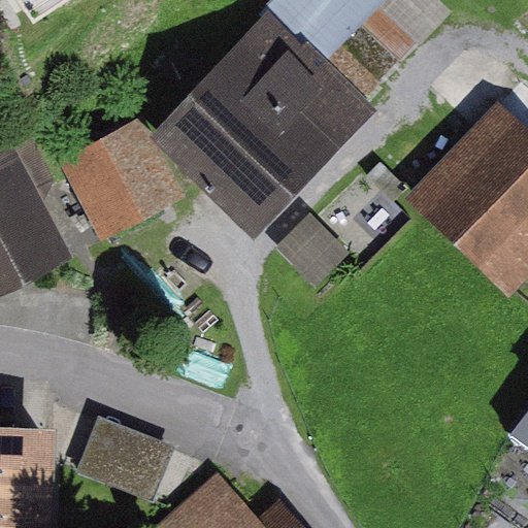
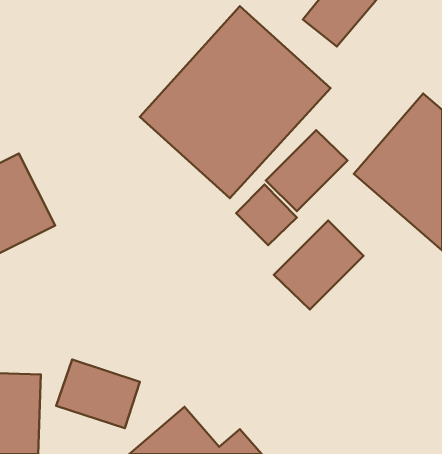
building: [66,127,180,236] -> none
building: none -> [266,130,348,211]
building: none -> [274,221,363,310]

